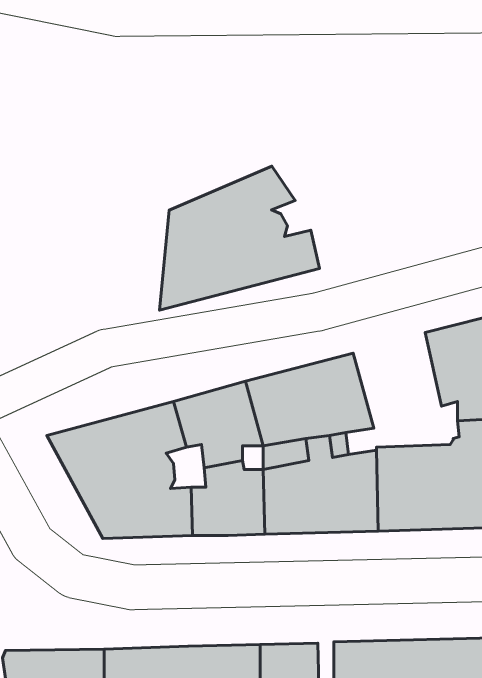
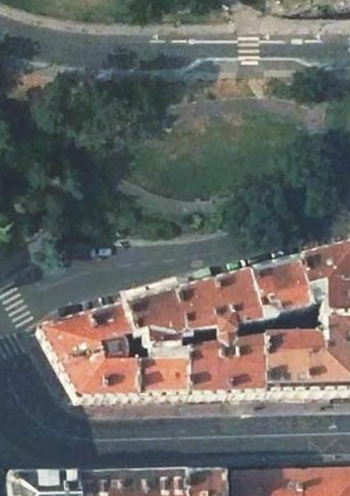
building: [159,166,320,310] -> none
building: none -> [246,256,307,322]

